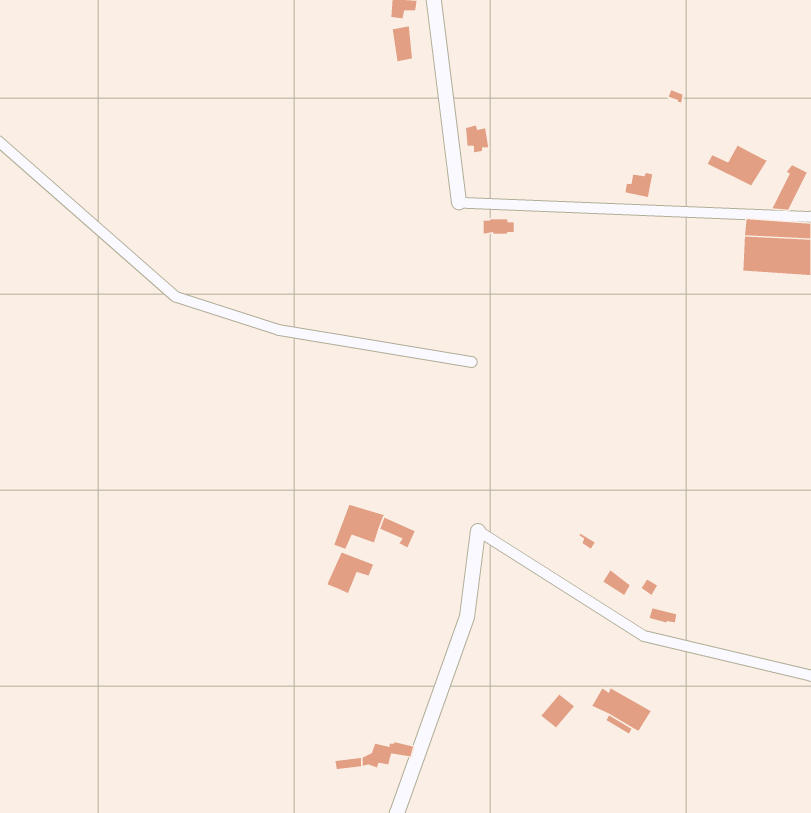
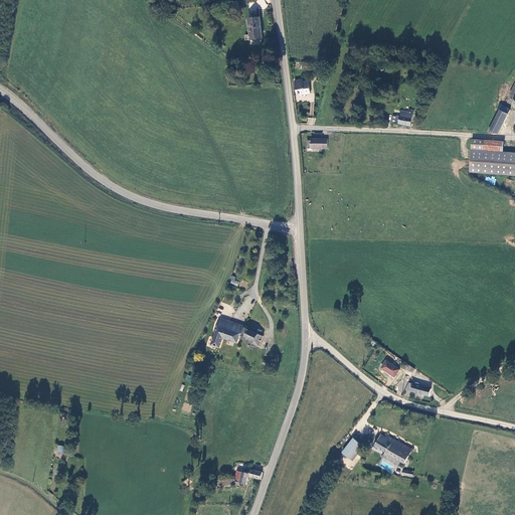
building: [707,144,768,186] -> none
building: [326,552,374,594] -> none

